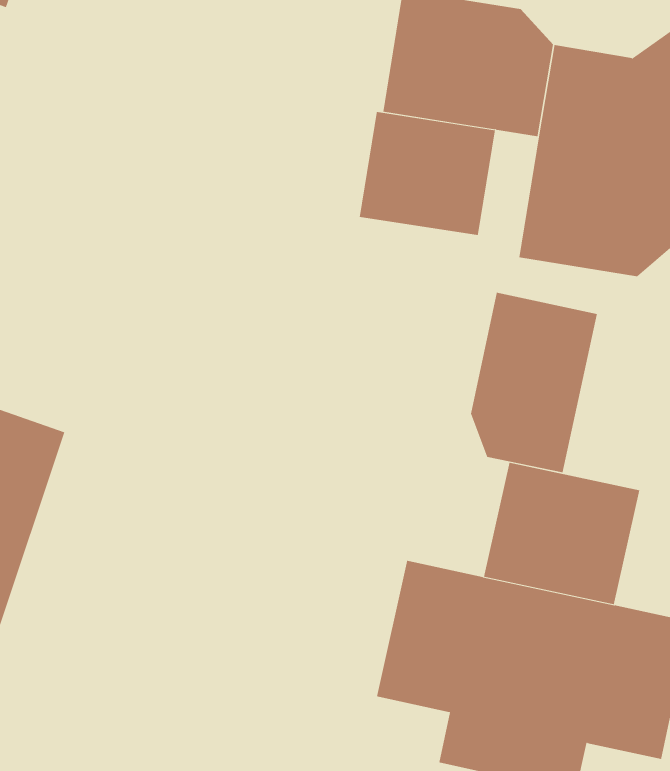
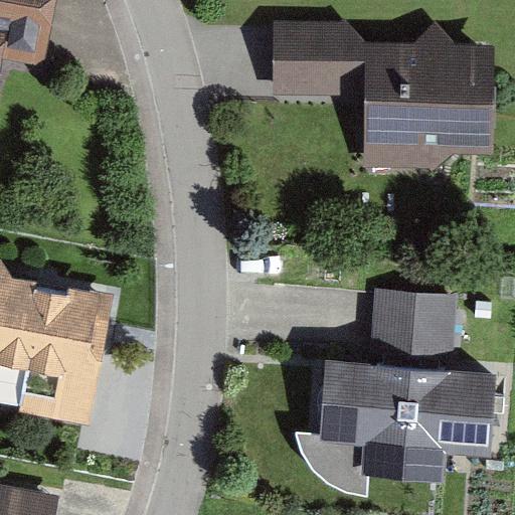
building: [359,111,495,236] -> none
building: [470,292,597,473] -> none

